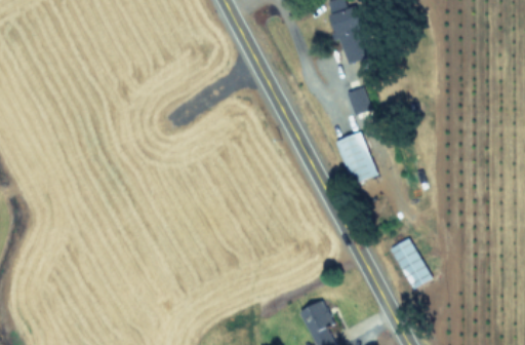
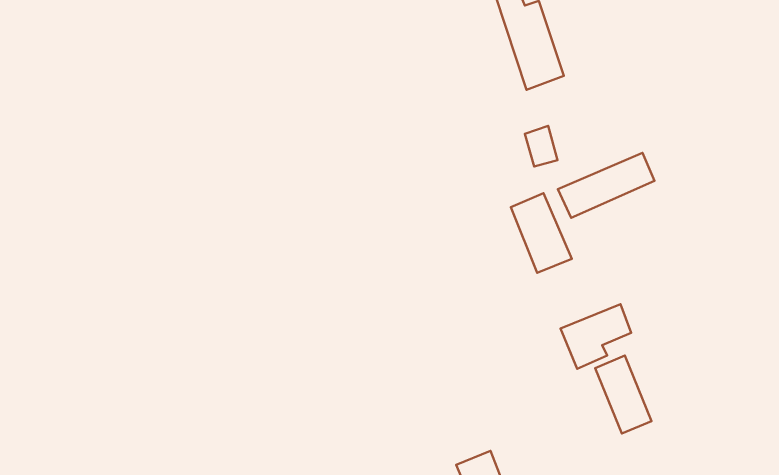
building: none -> [558,153,655,218]
building: none -> [560,304,631,369]

